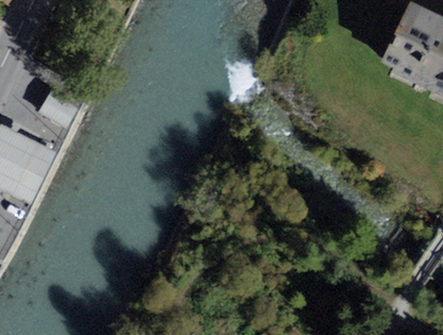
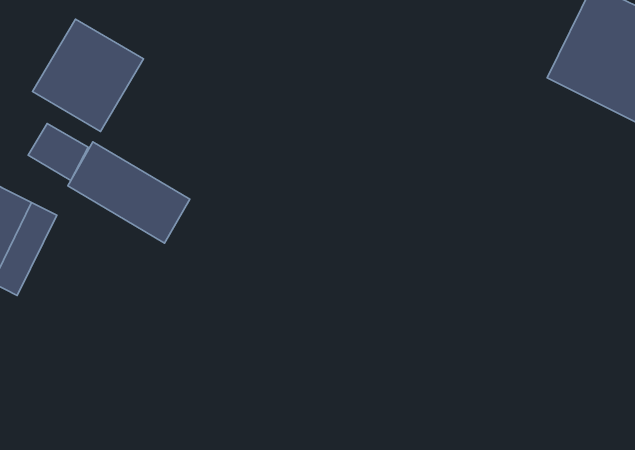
building: none -> [32,19,144,131]
building: none -> [68,142,190,243]

